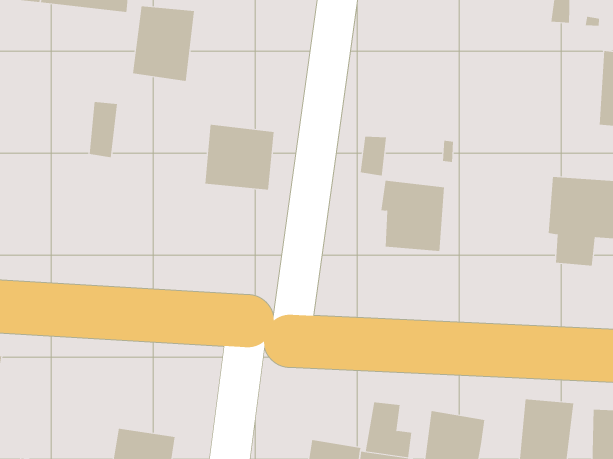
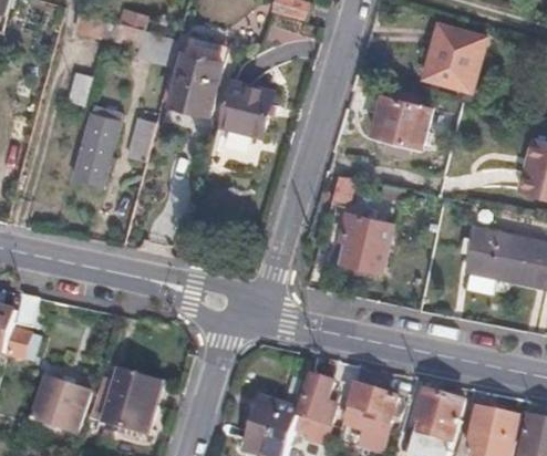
building: none -> [372,96,431,147]
building: none -> [74,105,122,185]
building: [204,124,274,190] -> [219,80,278,136]

